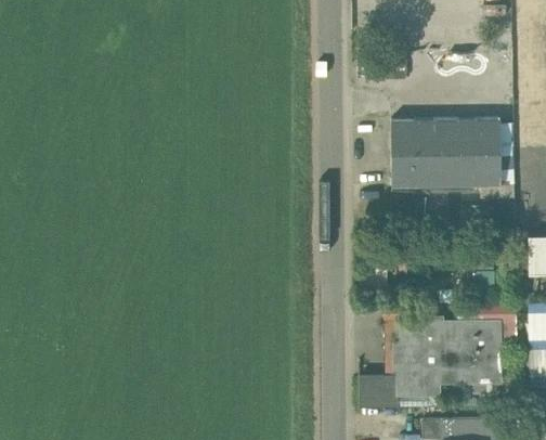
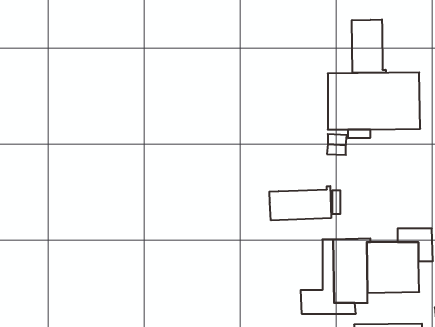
building: none -> [352,19,386,73]
building: none -> [269,186,331,220]

